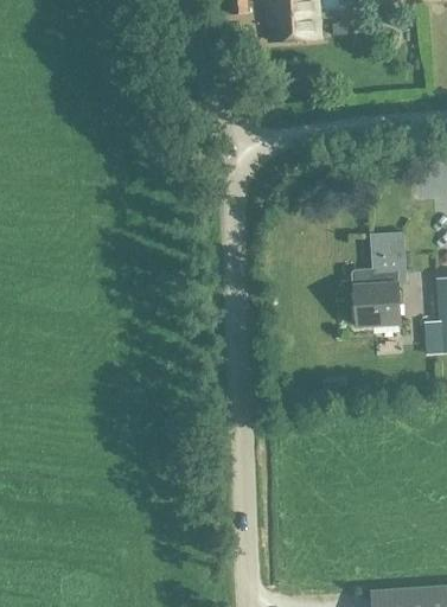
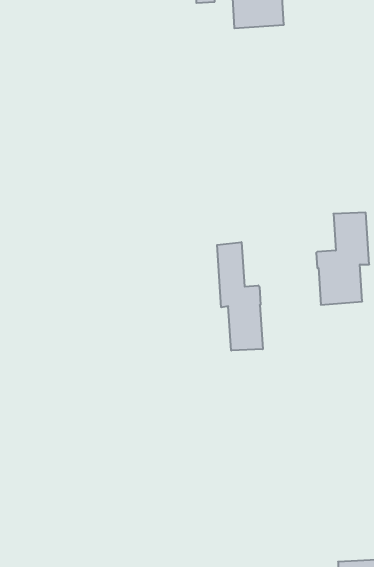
building: none -> [217,242,263,351]

